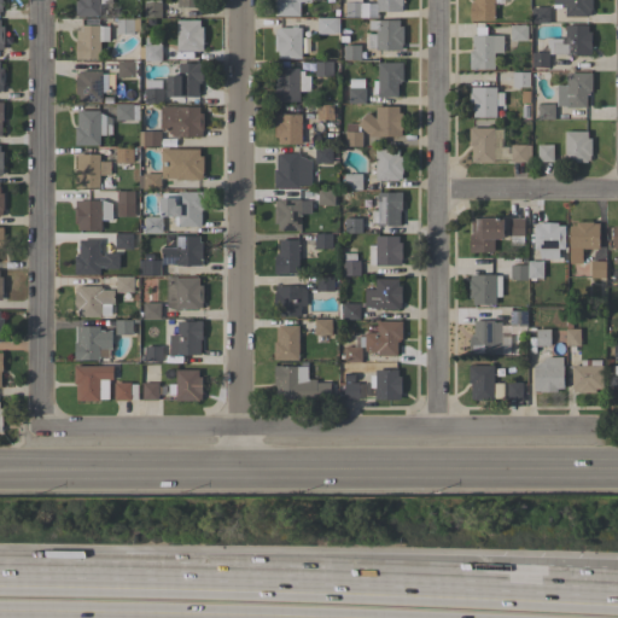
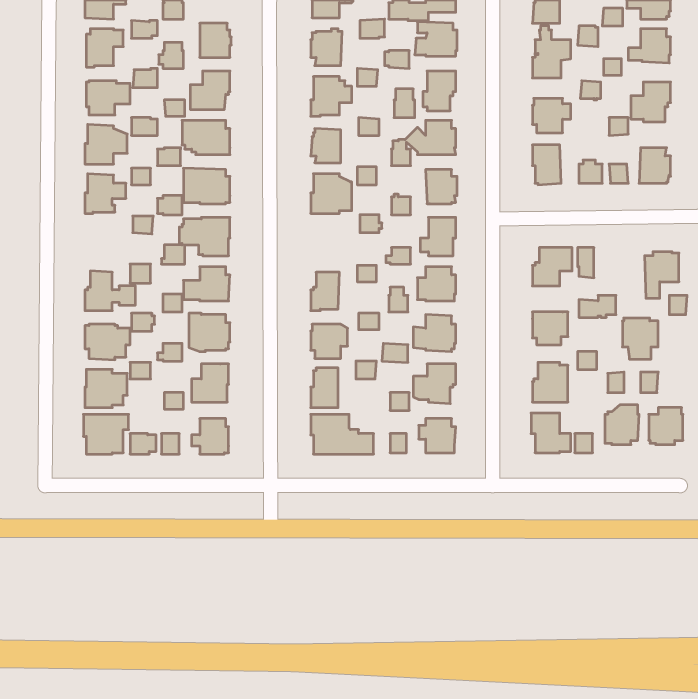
building: [76,198,113,231] -> none
building: [275,199,313,231] -> none
building: [535,223,566,260] -> [622,318,658,359]

